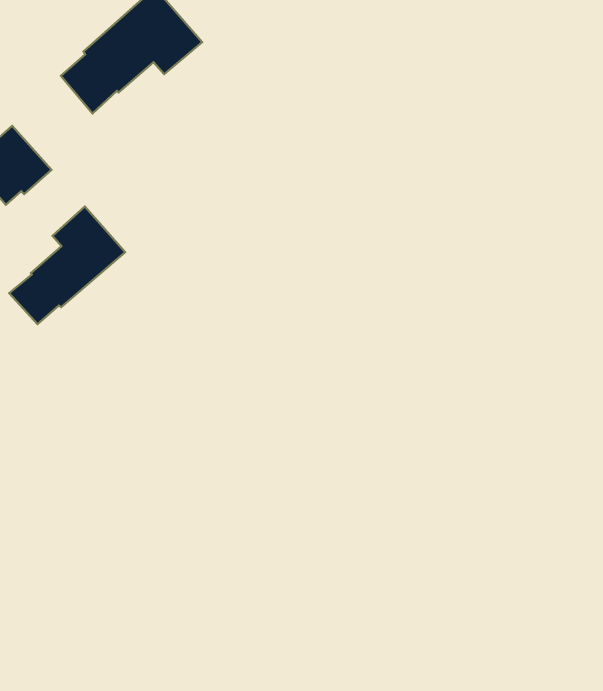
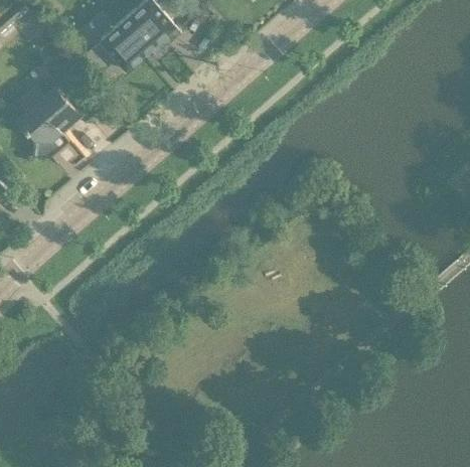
building: [9,206,125,324] -> none

